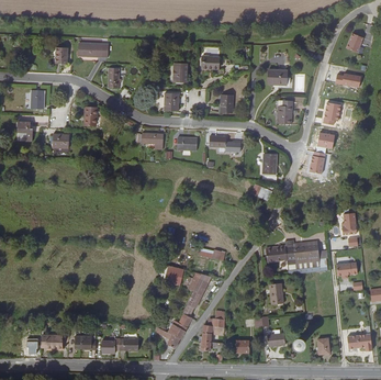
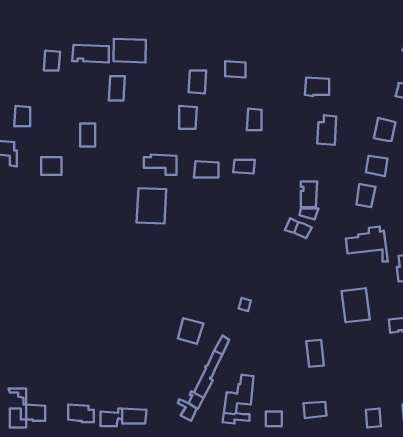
building: none -> [113,39,146,62]
building: none -> [137,188,166,224]
building: [266,238,300,267] -> [346,226,388,262]

